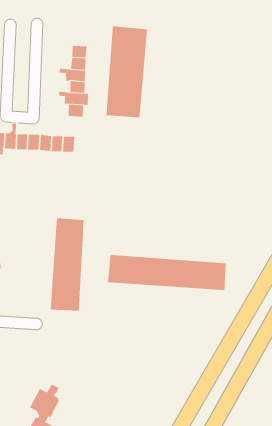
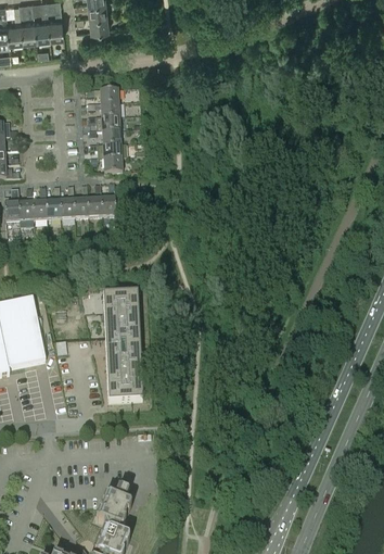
building: [106,25,148,118] -> none
building: [107,254,226,291] -> none

